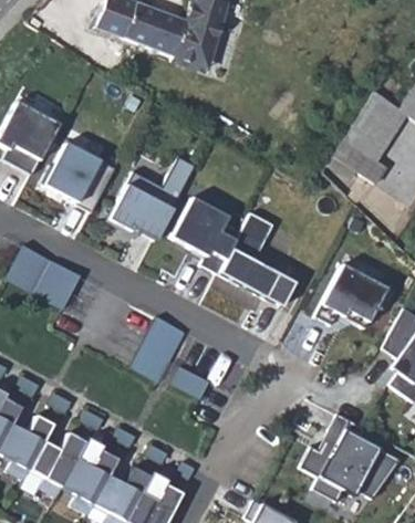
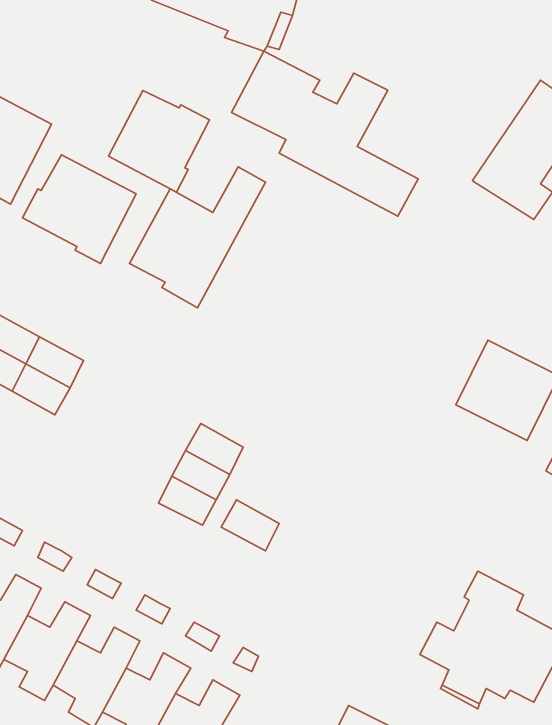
building: none -> [109,90,209,192]
building: [170,198,292,305] -> [231,51,418,216]

